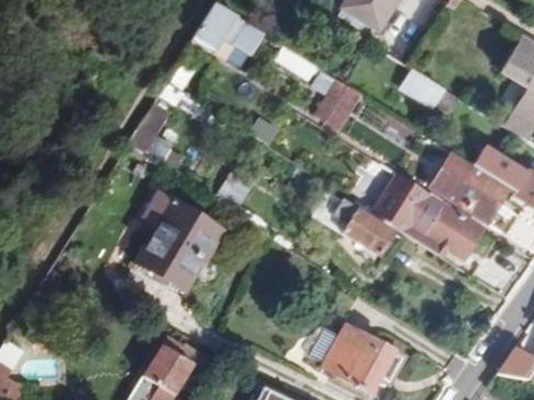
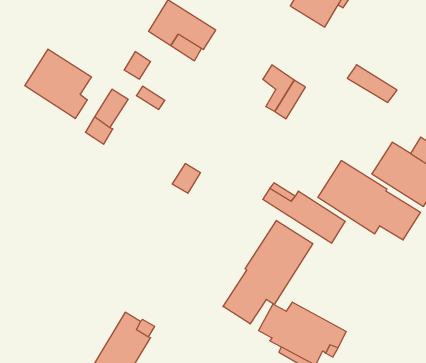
building: none -> [25,49,92,119]
building: [137,190,225,292] -> none
building: none -> [223,220,313,324]

